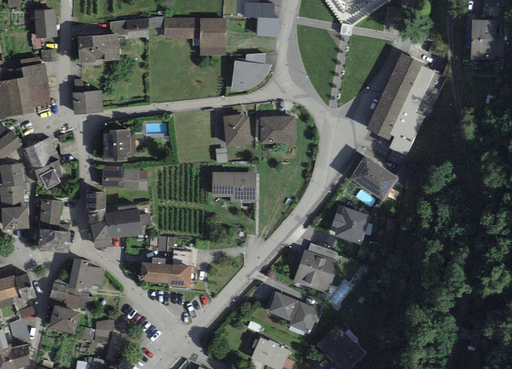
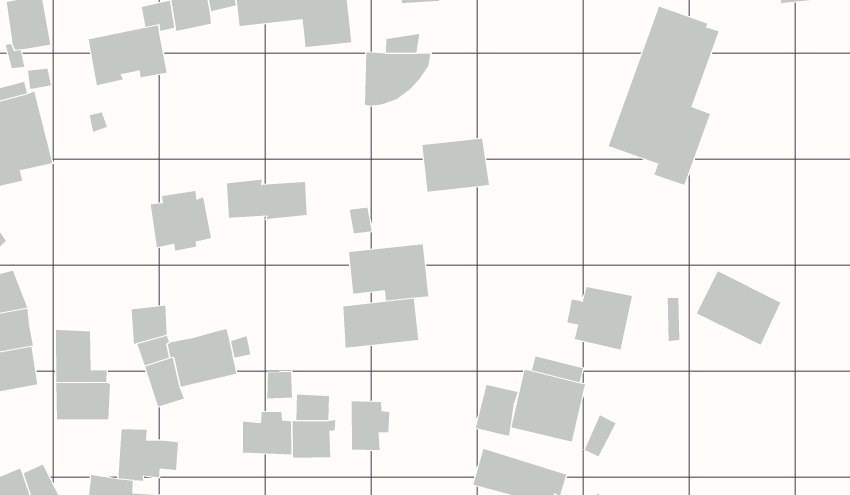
building: [72,89,104,114] -> none
building: [223,114,251,146] -> none
building: [24,136,62,189] -> none
building: [349,155,398,200] -> [696,270,781,346]
building: [102,166,148,189] -> [226,179,308,220]
building: none -> [343,298,419,348]
building: none -> [475,384,518,436]
building: none -> [351,401,390,451]

